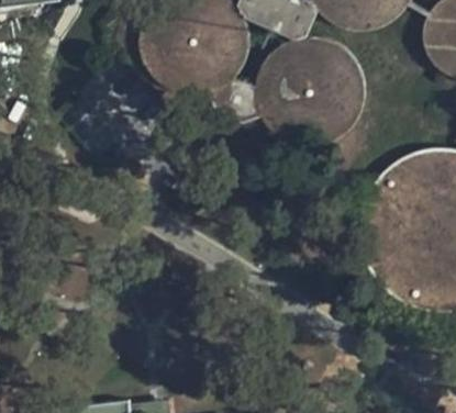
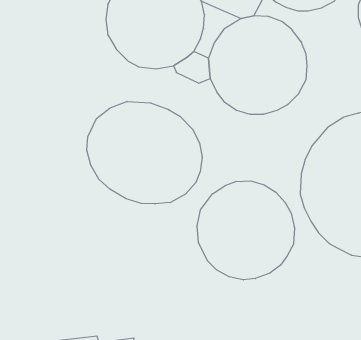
building: none -> [87,101,202,204]
building: none -> [197,181,294,280]

